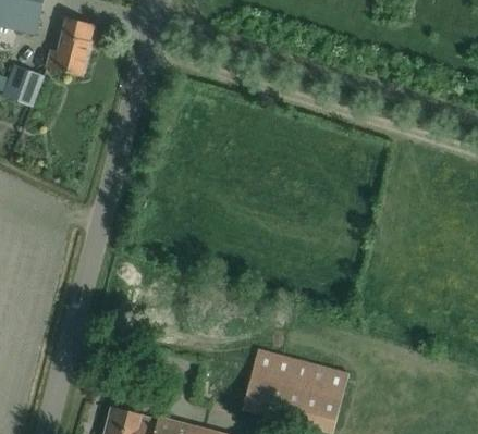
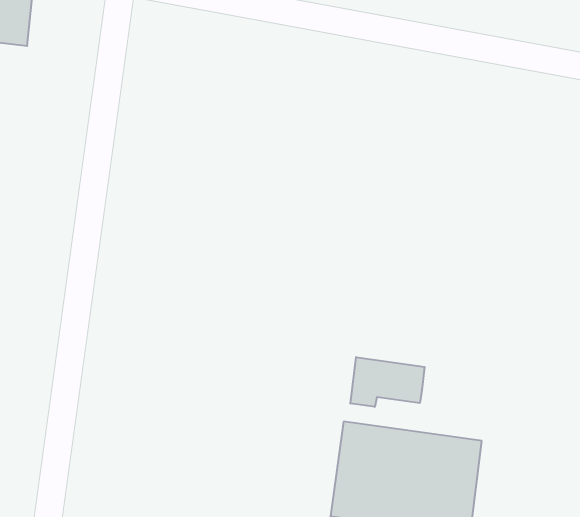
building: none -> [350,357,425,407]

